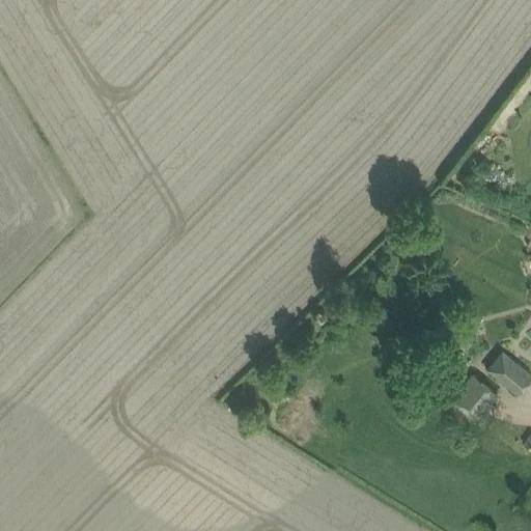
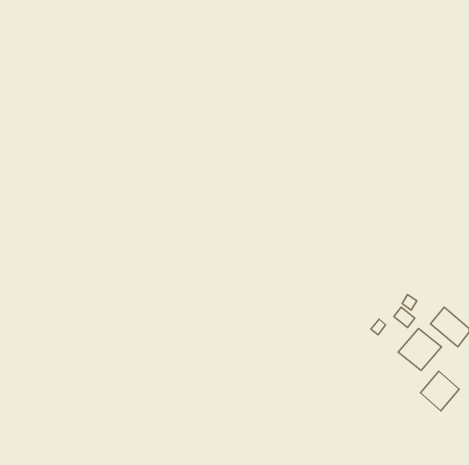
building: none -> [421,371,459,411]

